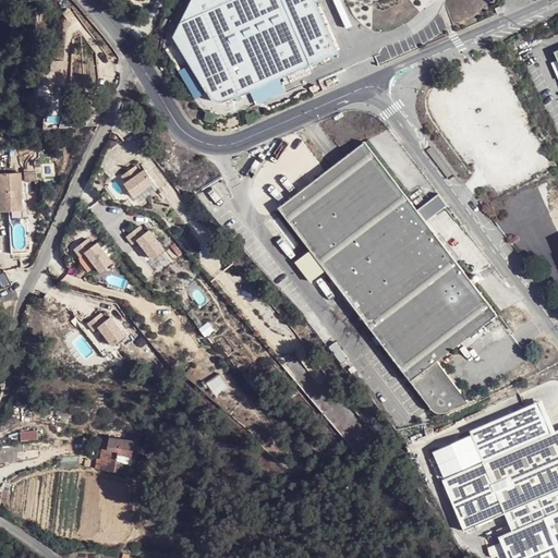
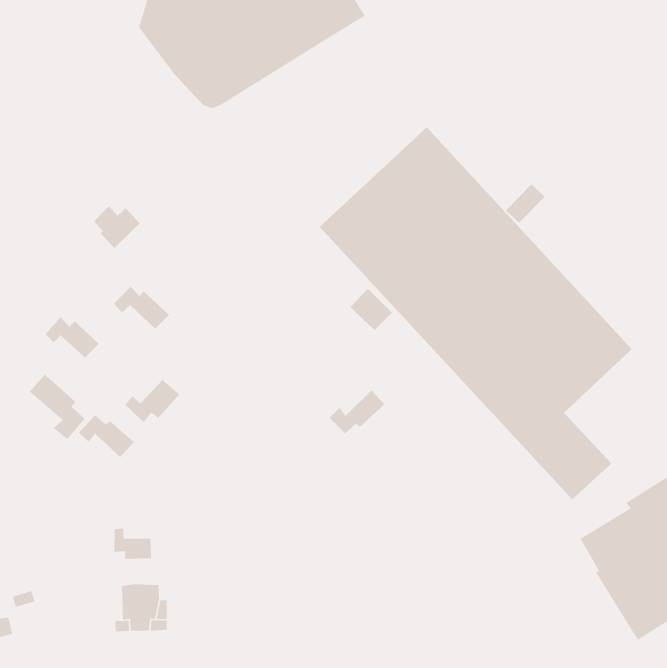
building: none -> [29,374,85,440]
building: none -> [124,379,180,423]
building: none -> [329,390,385,434]
building: none -> [114,528,152,560]

